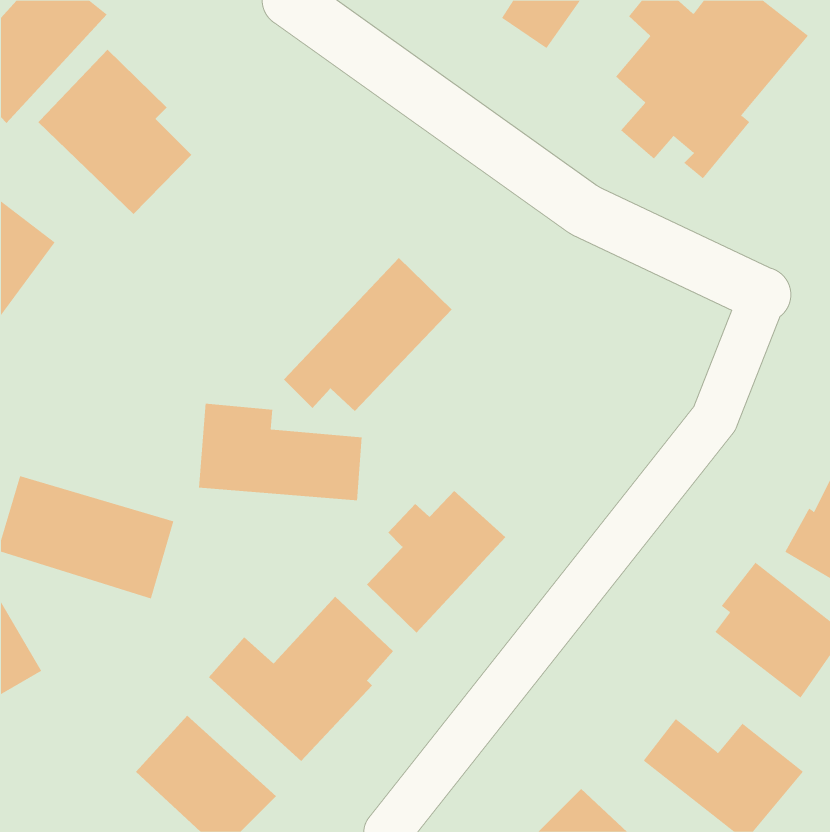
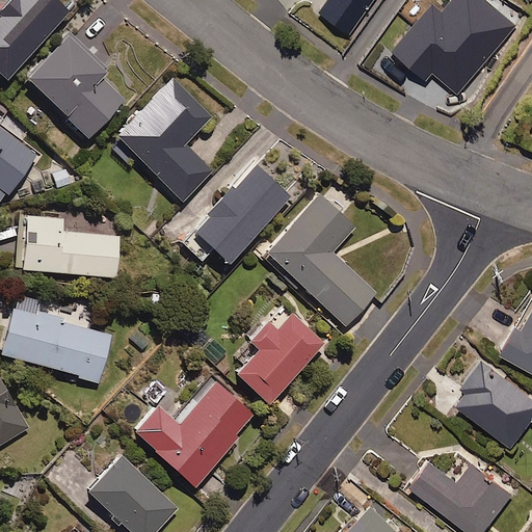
building: none -> [115,78,212,202]
building: none -> [266,194,376,326]
building: [198,403,363,501] -> [15,214,119,276]

